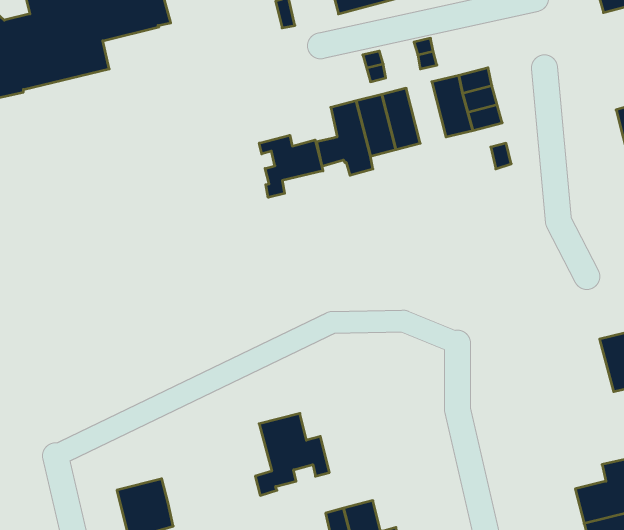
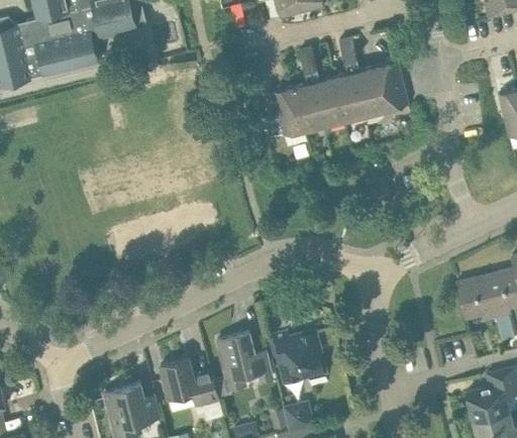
building: none -> [333,72,365,120]
building: [259,135,323,197] -> none
building: none -> [457,275,497,319]
building: none -> [269,332,327,388]
building: none -> [160,358,223,420]

